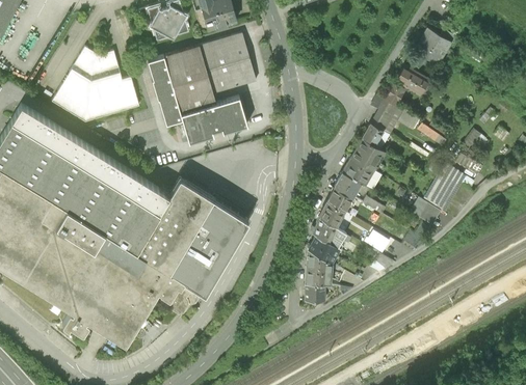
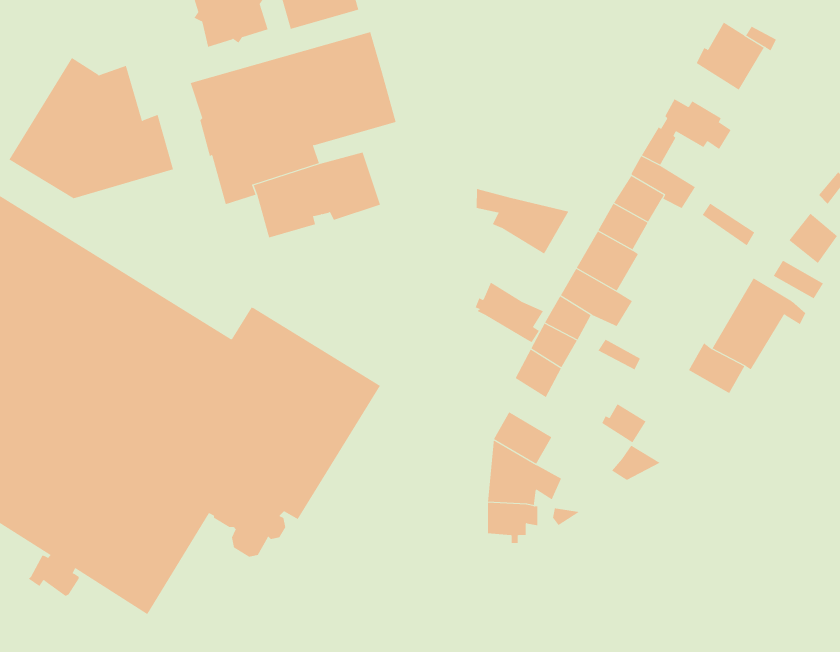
building: none -> [476,188,569,255]
building: [310,216,346,248] -> [475,282,544,343]

